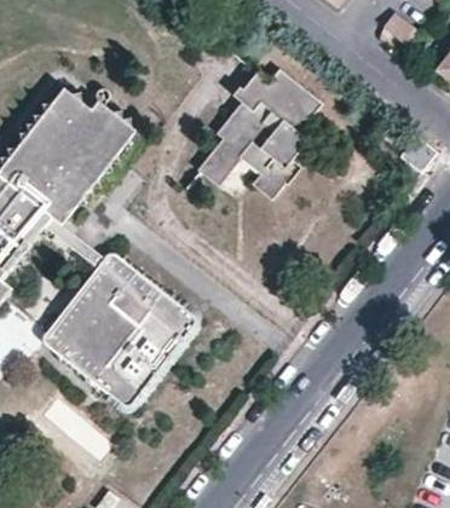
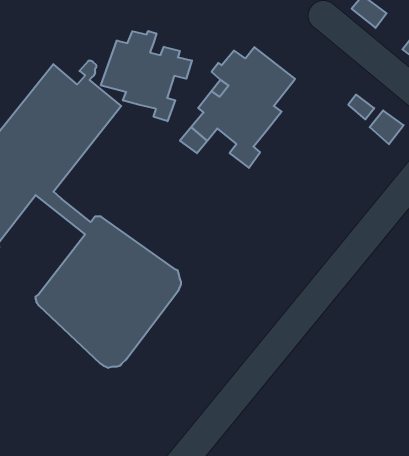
building: none -> [101,31,192,121]

